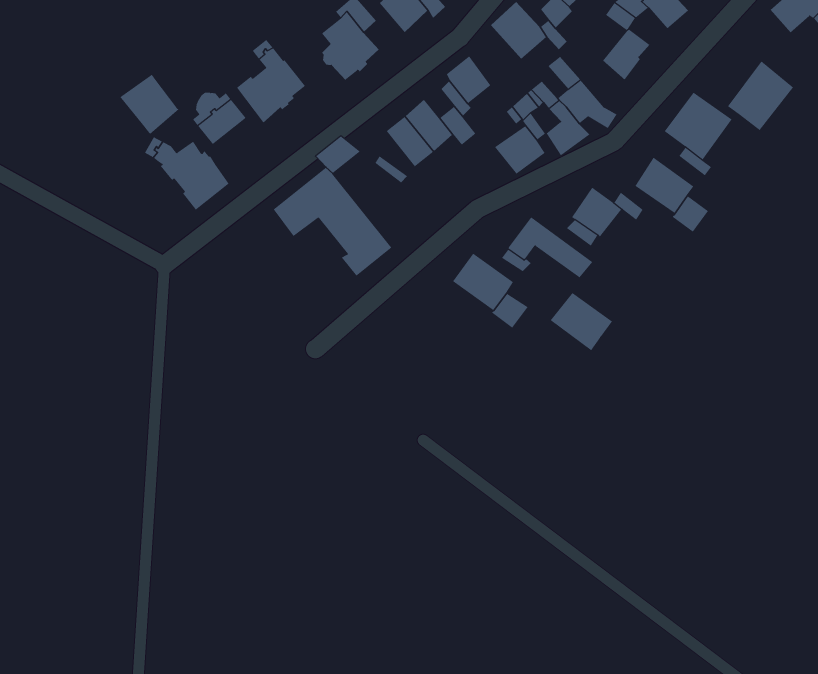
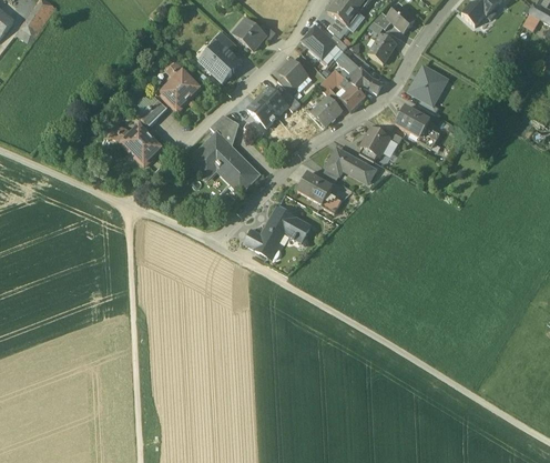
building: [727,61,794,132] -> none
building: [120,74,180,135] -> none
building: [550,292,613,351] -> none
building: none -> [244,207,309,258]

